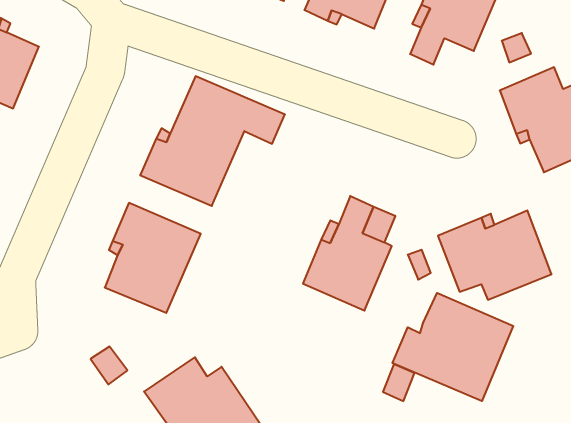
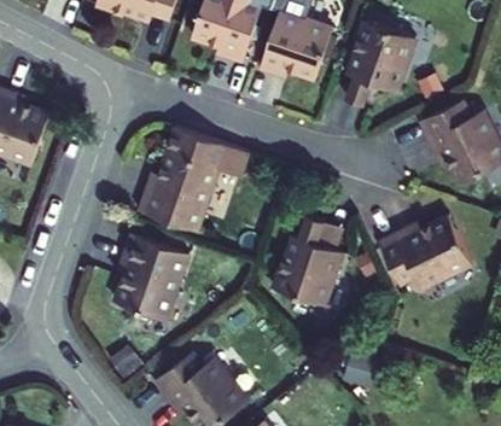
building: [392,293,513,401] -> none

